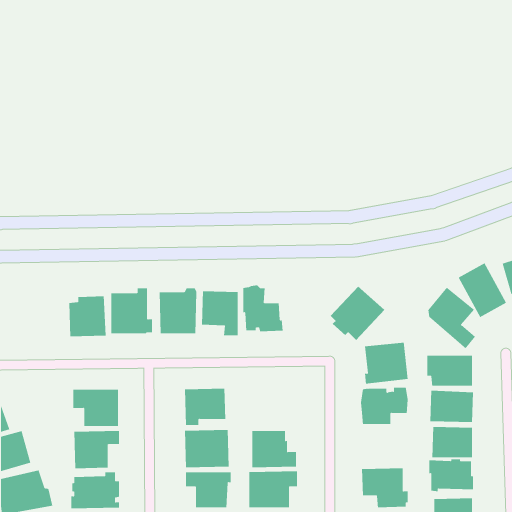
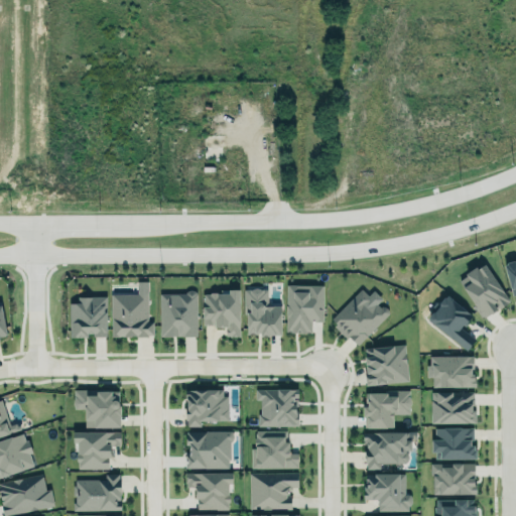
building: none -> [286,283,324,332]
building: none -> [257,391,299,428]
building: none -> [365,431,406,469]

